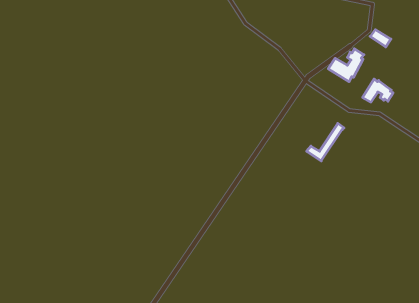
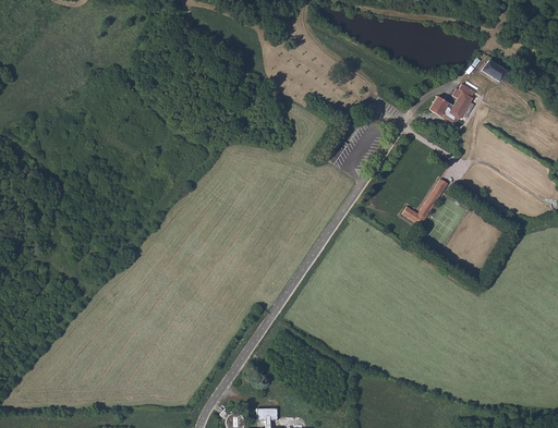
building: [363,79,393,102] -> none

